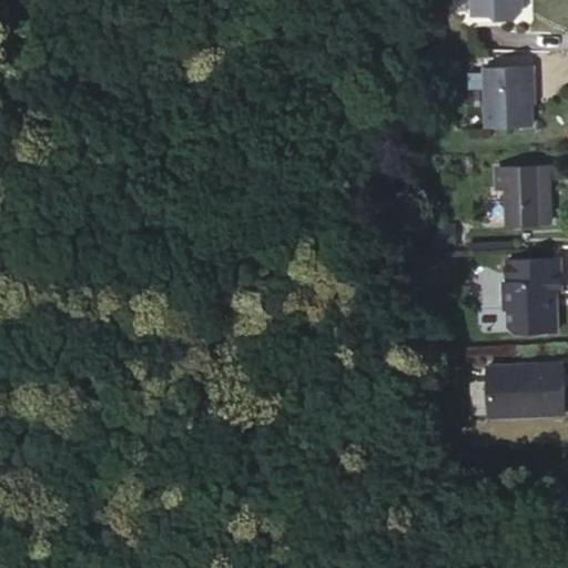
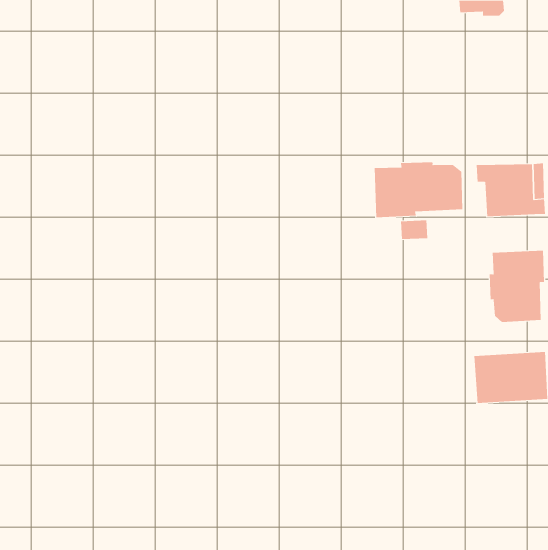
building: [485,69,532,128] -> none
building: none -> [374,161,463,218]

